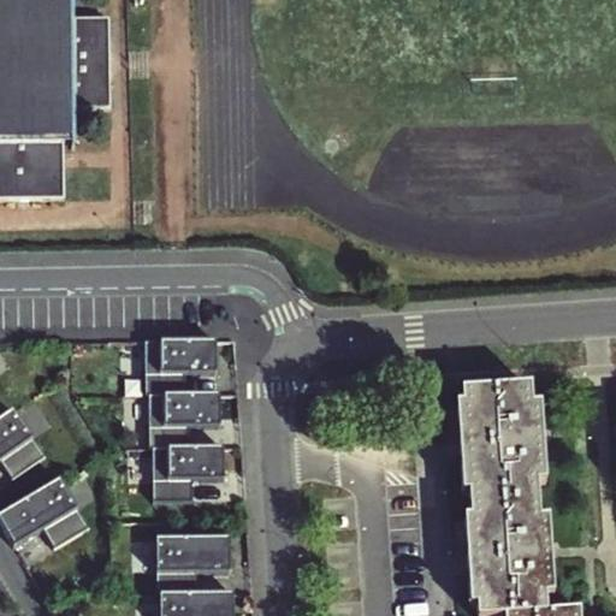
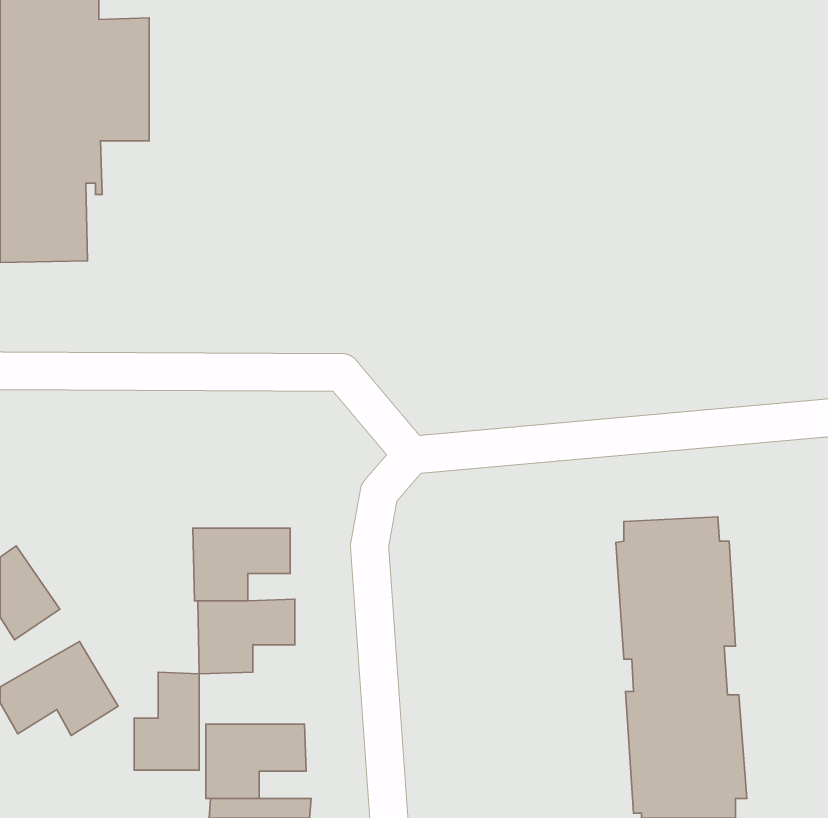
building: [138,337,211,392] -> none
building: none -> [134,672,199,770]

